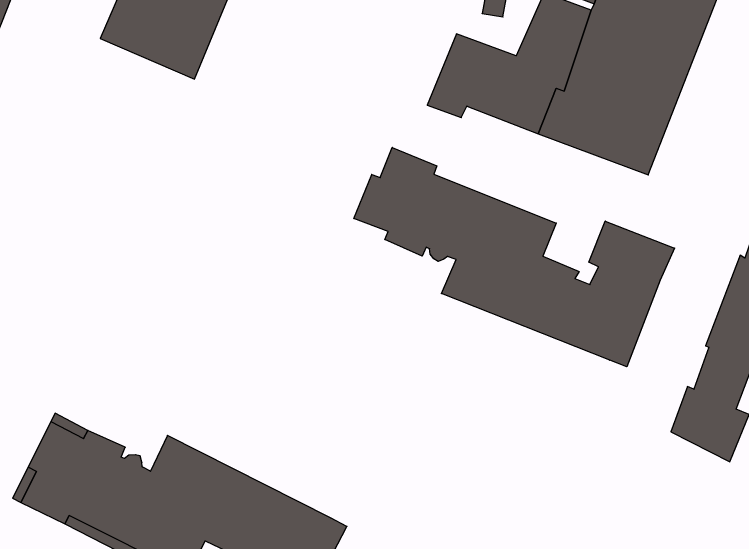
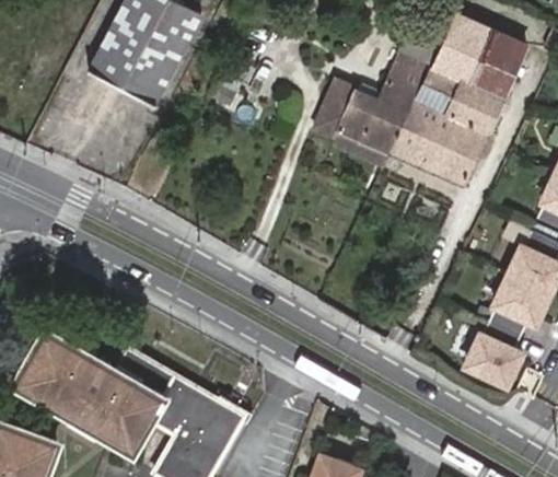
building: [354,147,675,367] -> none

